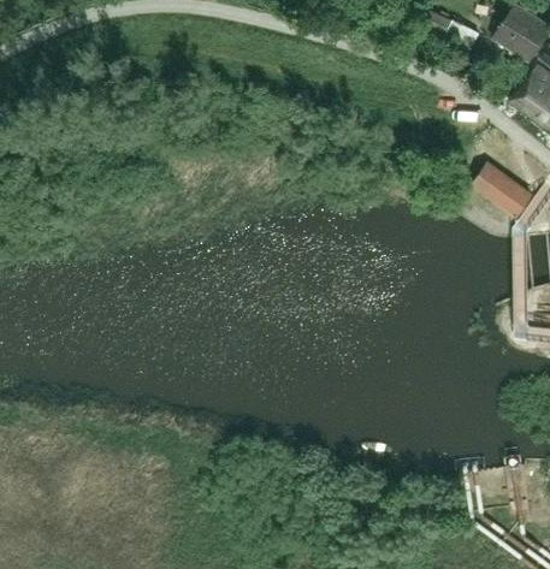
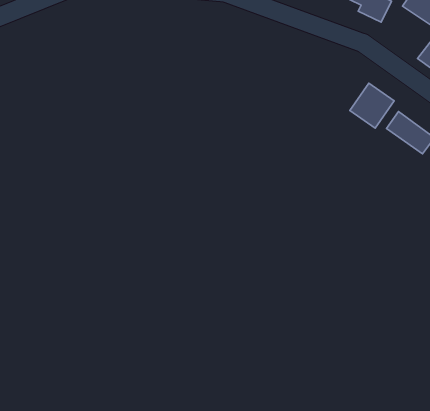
building: none -> [350,83,394,128]

